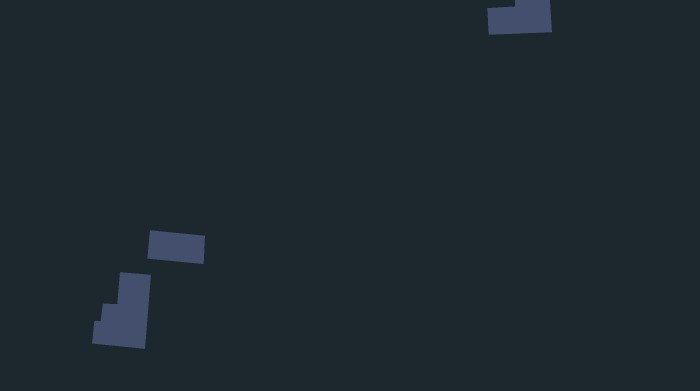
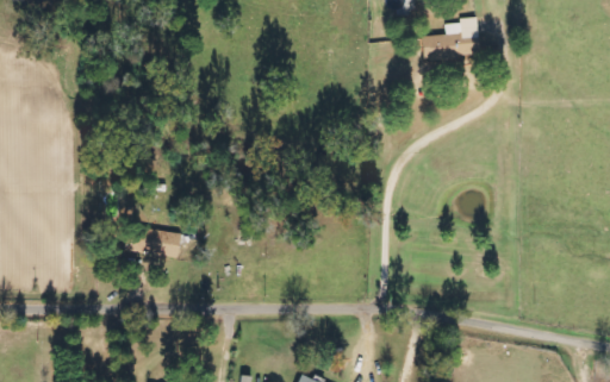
building: [91,271,152,349] -> none

